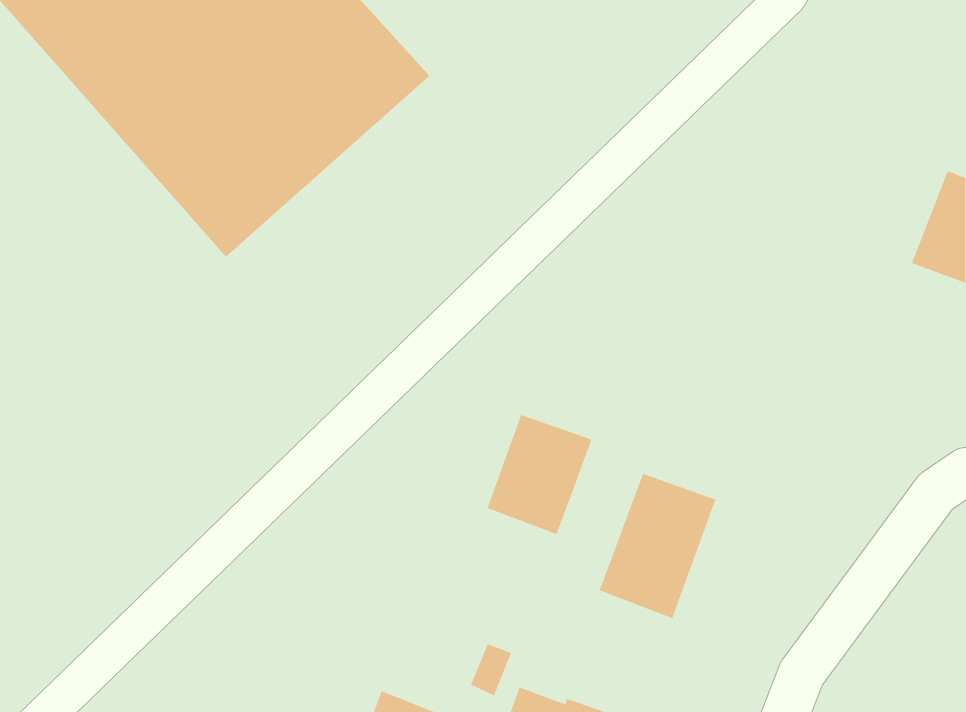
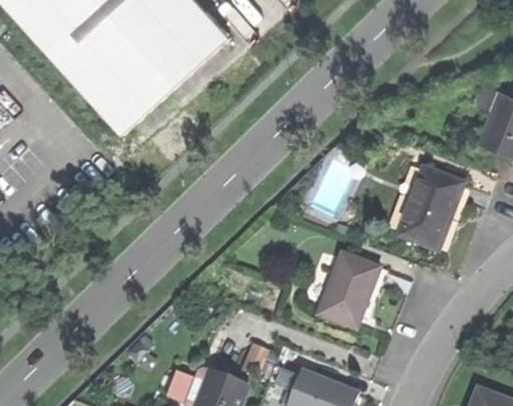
building: none -> [398,165,463,249]
building: [487,414,592,535] -> none

